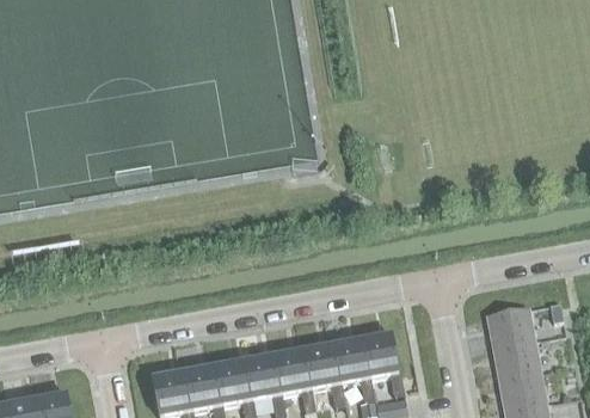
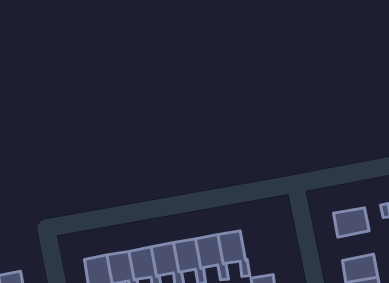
building: [361,332,404,394] -> none
building: [492,338,540,377] -> none

